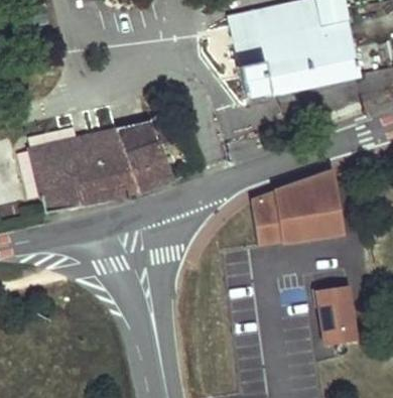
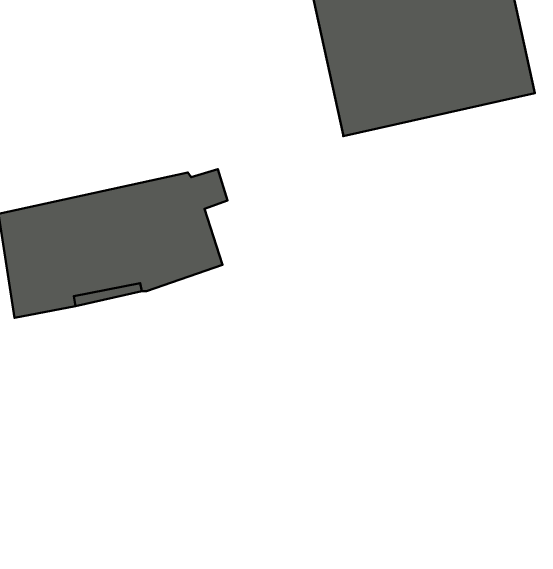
building: [252,171,341,245] -> none
building: [317,288,355,343] -> none

